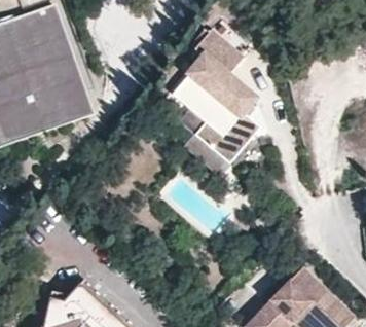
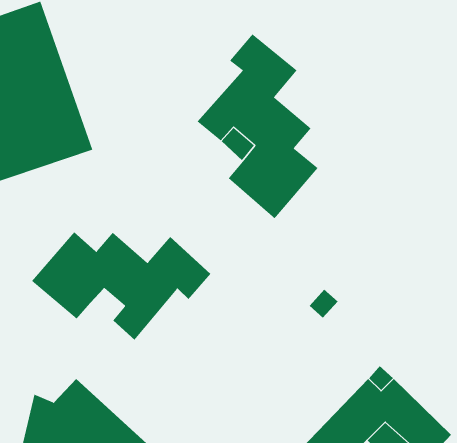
building: none -> [31,231,211,340]

